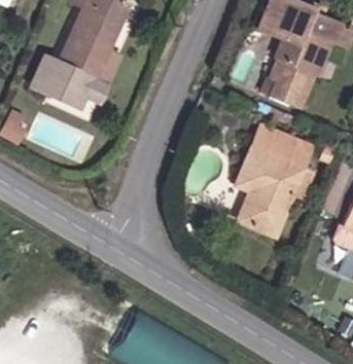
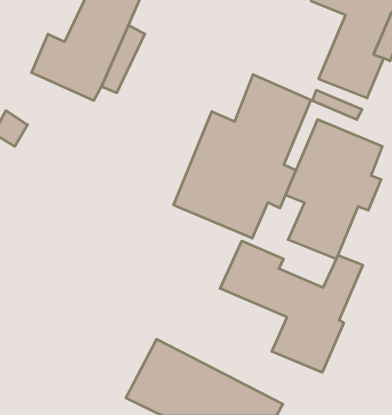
building: none -> [174,74,311,238]
building: none -> [220,241,363,372]

